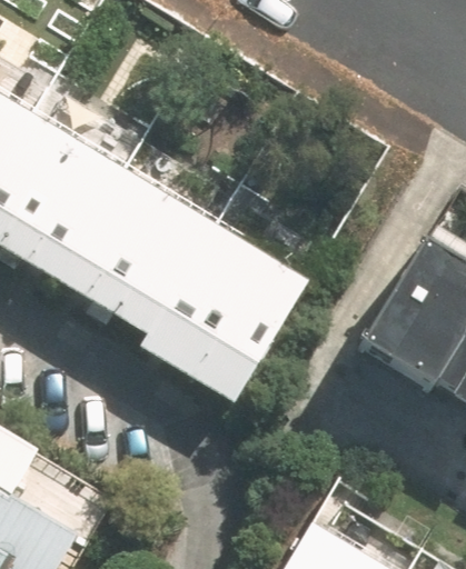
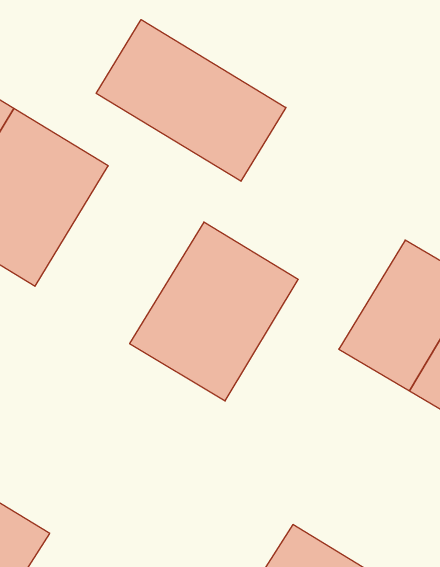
building: none -> [96,20,286,181]
building: [60,168,227,343] -> none

